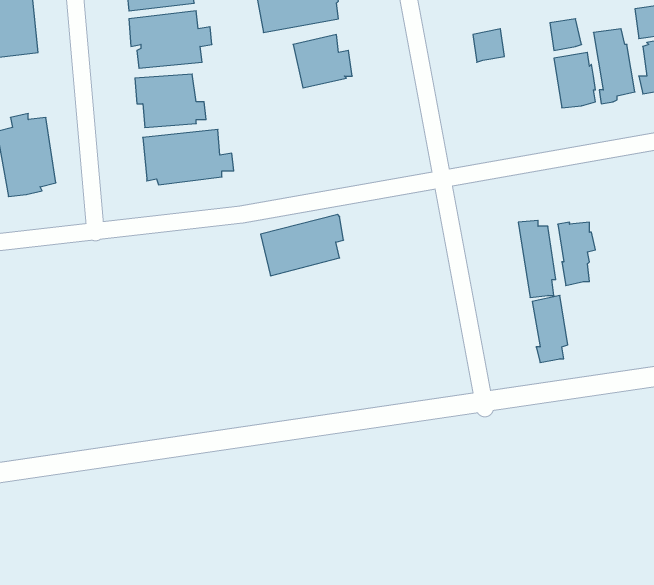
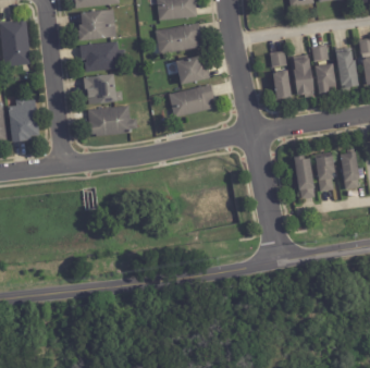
building: none -> [291,53,313,97]
building: none -> [270,70,289,102]
building: [261,214,344,276] -> [164,82,210,115]
building: [532,295,568,363] -> [340,152,359,189]

